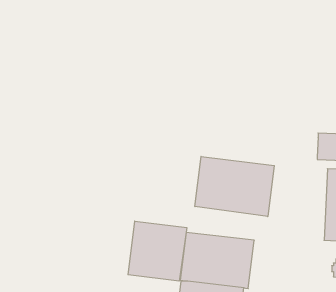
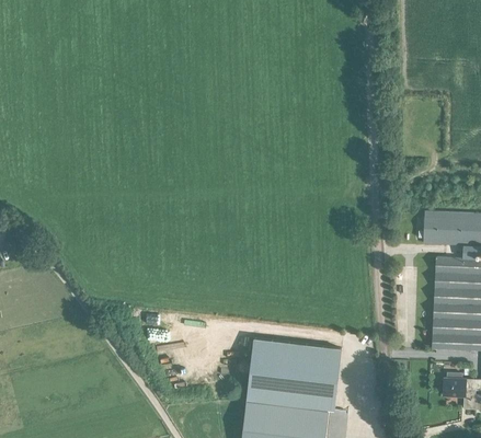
building: [195,156,274,217] -> none
building: [128,221,187,281] -> none

